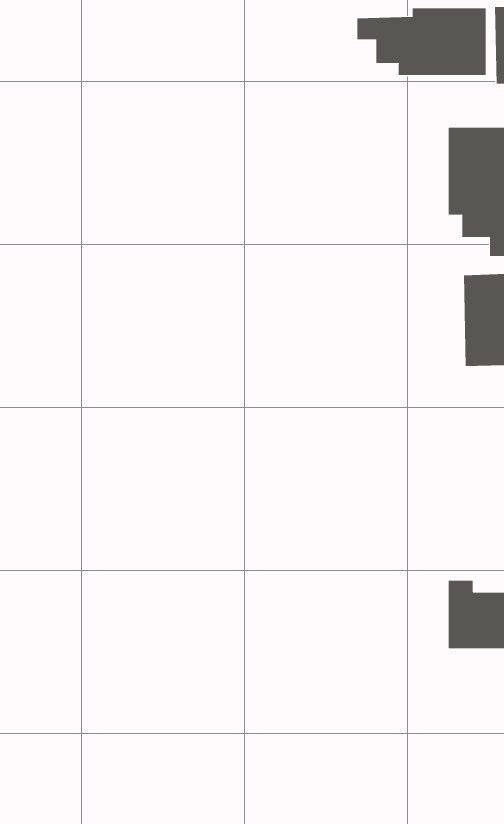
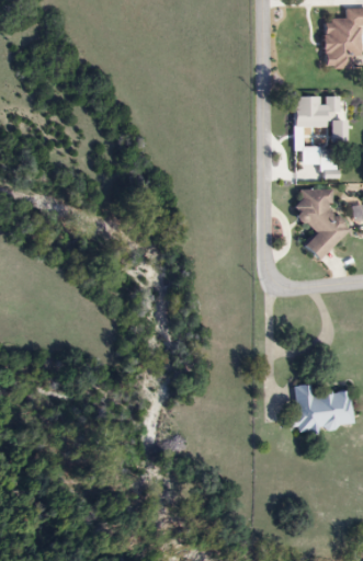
building: [357,7,486,76] -> none

